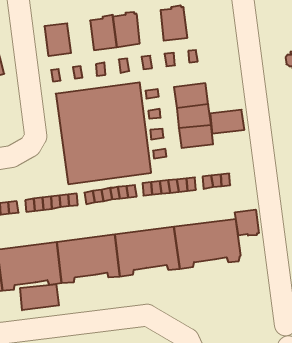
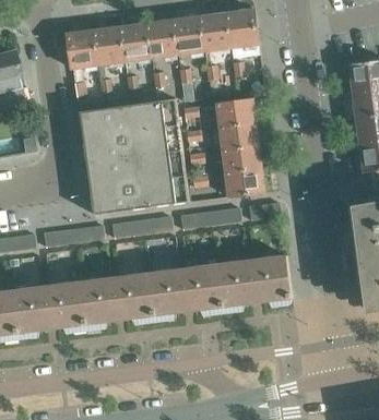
building: none -> [227,8,259,46]
building: none -> [174,13,204,52]
building: none -> [94,24,125,63]
building: [210,110,244,134] -> [225,168,264,195]
building: [235,210,259,236] -> none
building: [20,284,59,310] -> none

